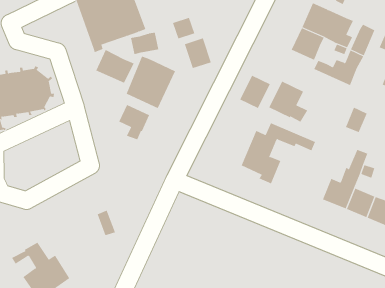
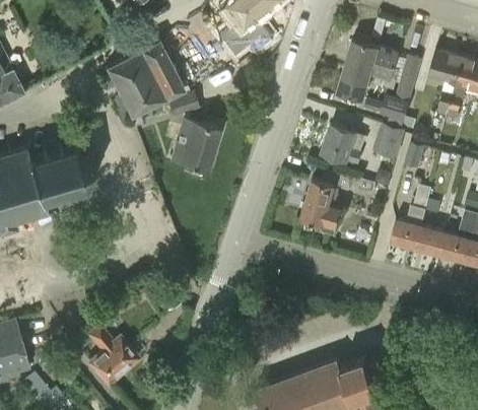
building: [184,38,211,69] -> none
building: [95,49,134,84] -> none
building: [240,75,270,109] -> none
building: none -> [371,123,405,158]
building: [119,104,150,140] -> none

